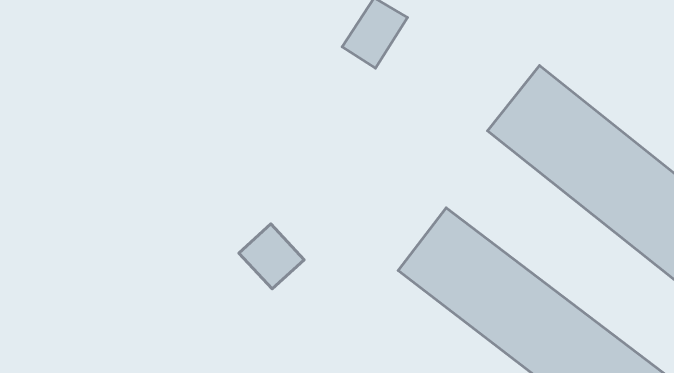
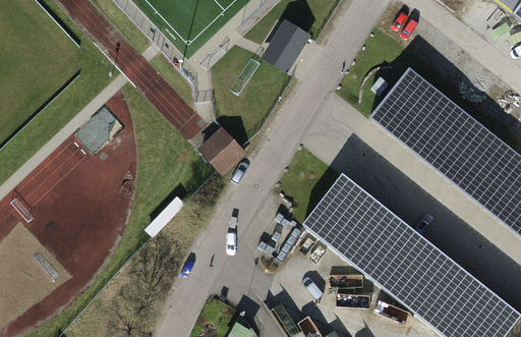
building: [239,224,304,289] -> [197,123,247,173]

